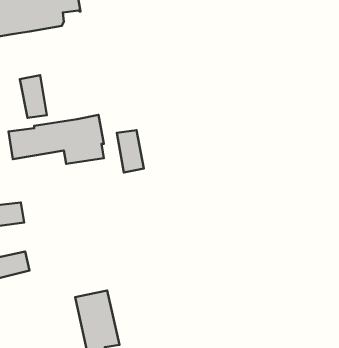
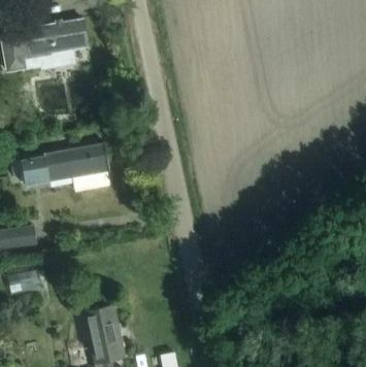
building: [20,75,47,118] -> none
building: [117,130,144,173] -> none

